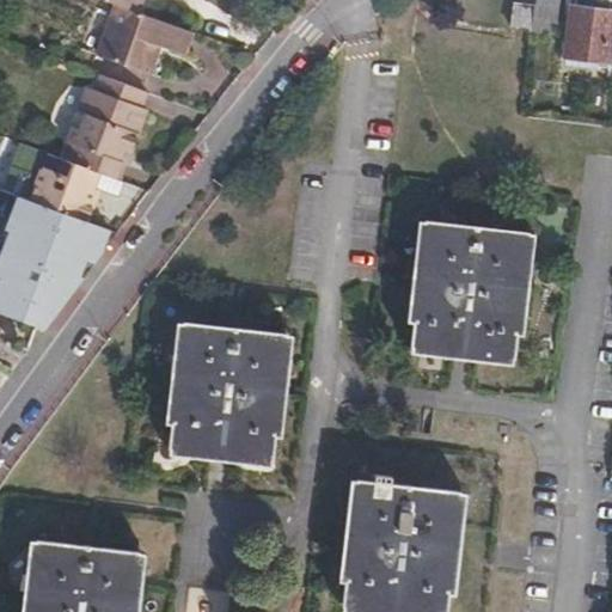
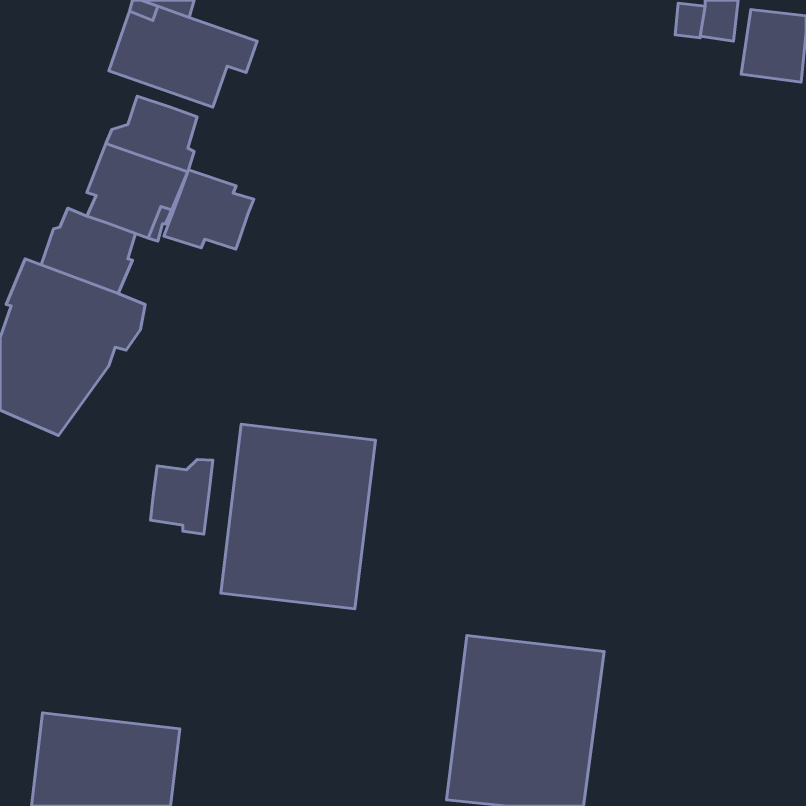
building: none -> [164,170,254,249]
building: [408,224,526,362] -> none
building: none -> [150,459,213,534]

